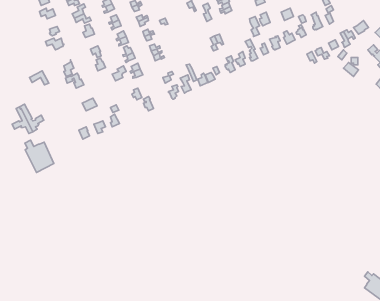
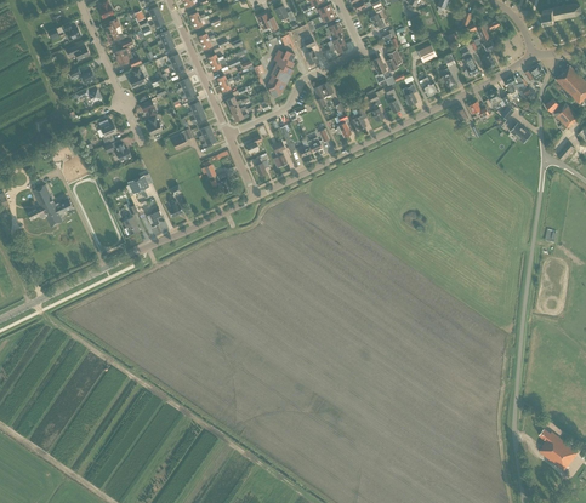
building: none -> [266,48,294,97]
building: [25,140,54,173] -> none

